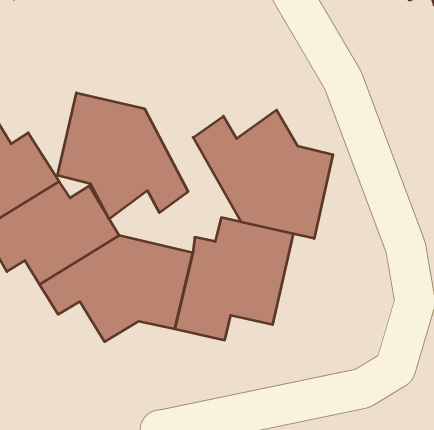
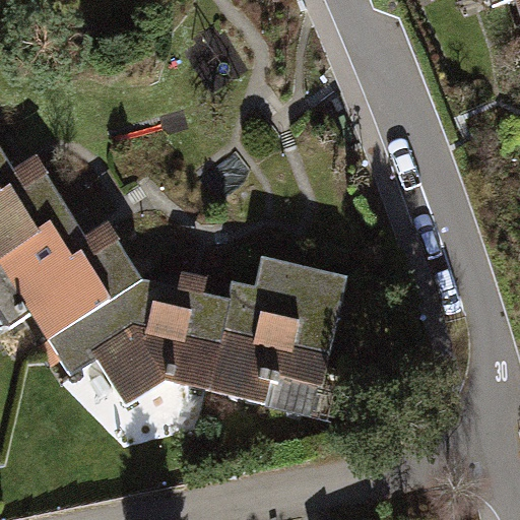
building: [57,93,188,219] -> none
building: [193,110,333,239] -> none

